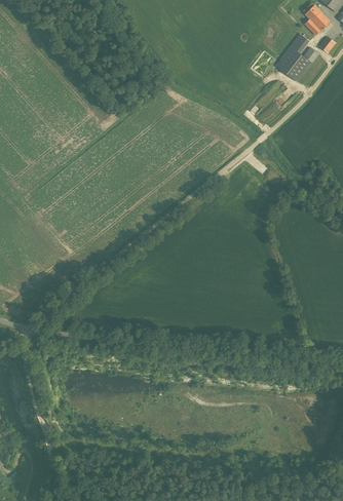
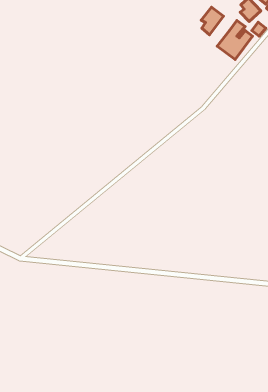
building: none -> [201,7,224,35]

